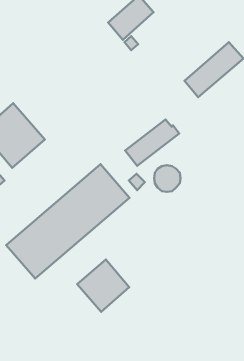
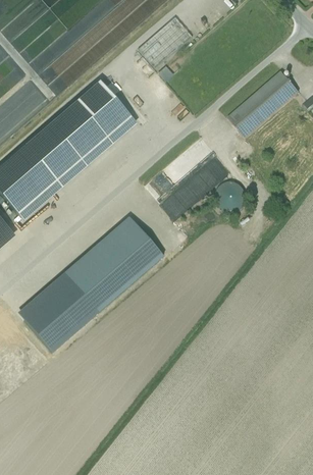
building: none -> [25,81,137,187]
building: [154,165,181,192] -> [215,180,247,212]
building: [77,260,129,312] -> none

